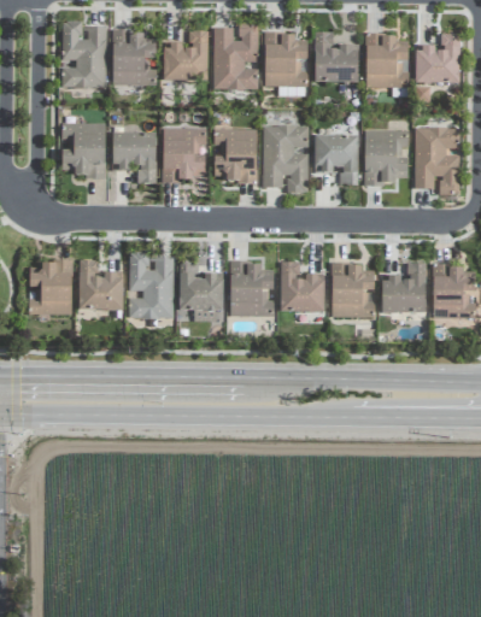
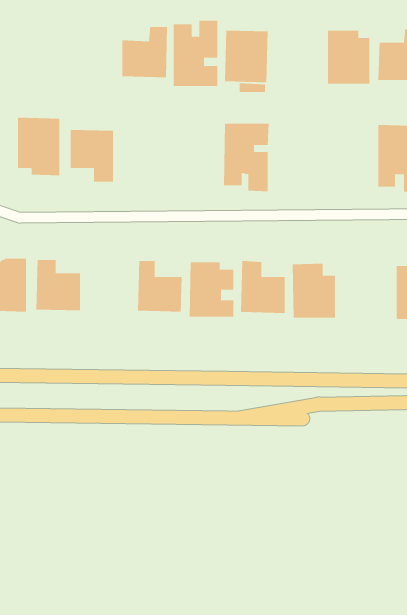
building: [61,20,106,88] -> none
building: [112,29,157,86] -> none
building: [313,31,358,83] -> none
building: [162,128,206,181] -> none
building: [213,129,257,182] -> none
building: [364,130,407,183] -> none
building: [313,135,358,184] -> none
building: [129,252,174,318] -> none
building: [381,263,426,312] -> none

